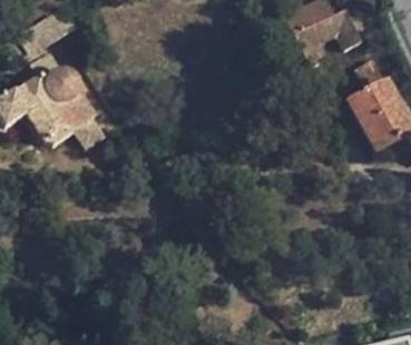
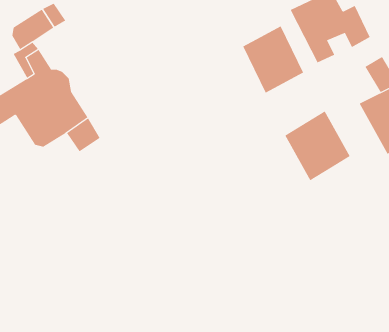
building: none -> [242,26,304,94]
building: none -> [285,111,350,181]

